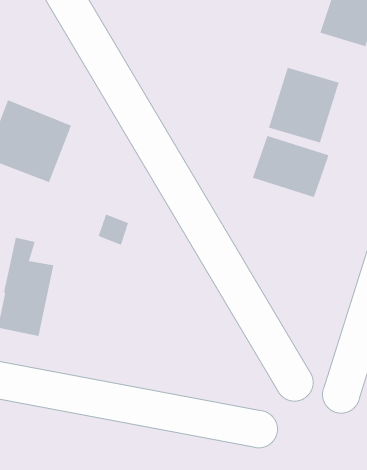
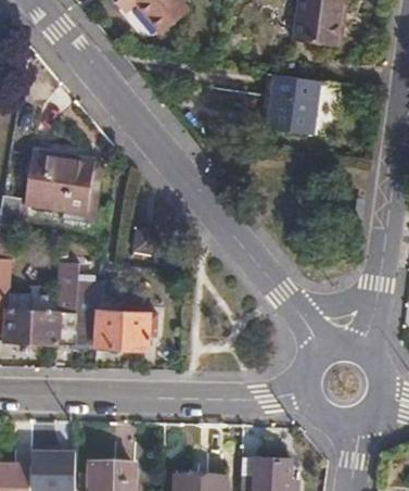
building: [252,135,329,198] -> none
building: none -> [97,279,150,345]

